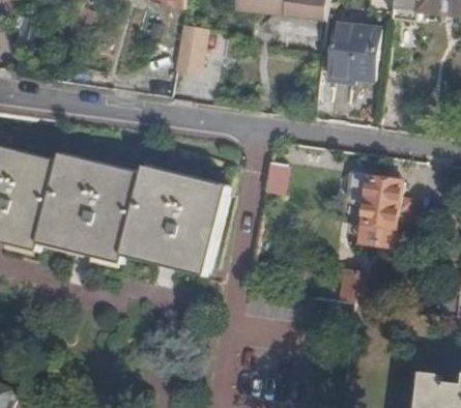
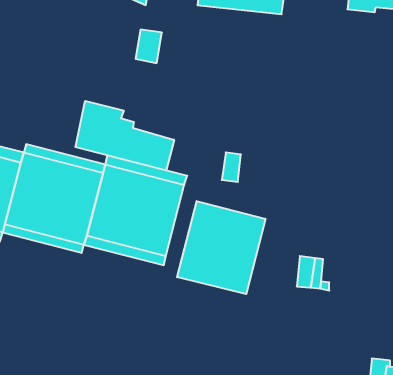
building: [326,23,378,83] -> none
building: none -> [75,101,174,170]
building: [347,169,401,241] -> none
building: none -> [177,201,265,294]

